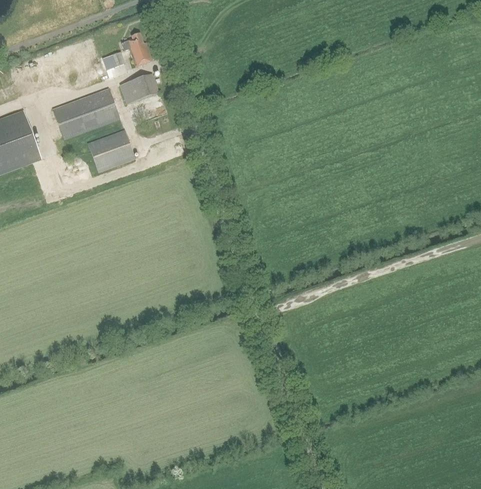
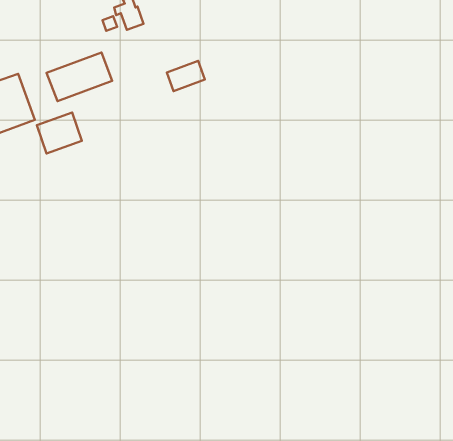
building: [119,73,158,104] -> [167,61,205,91]
building: [88,130,134,172] -> [37,112,82,154]

